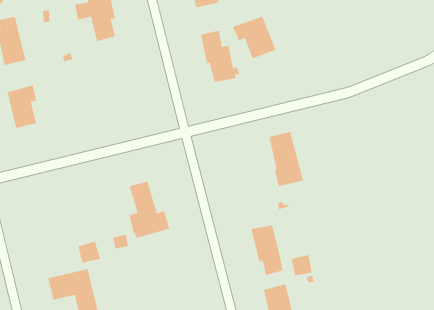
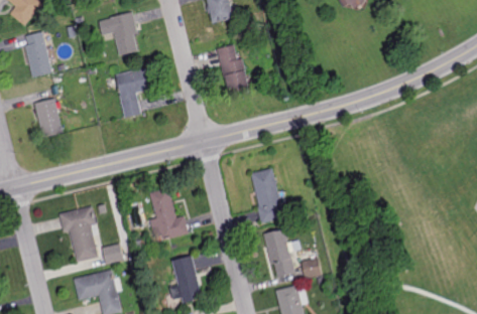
building: [232,16,276,59] -> none
building: none -> [116,67,150,119]
building: [268,131,304,187] -> [252,170,285,222]
building: none -> [58,206,97,262]
building: none -> [170,255,204,303]

